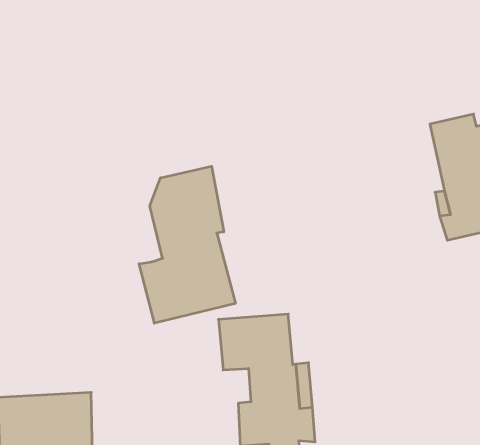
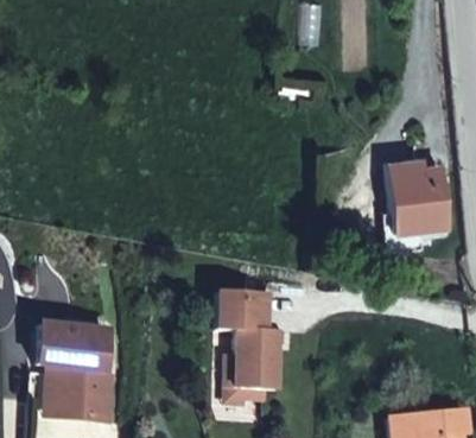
building: [139,166,235,323] -> none

